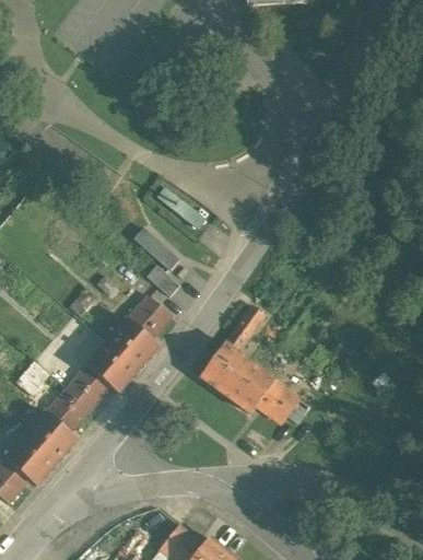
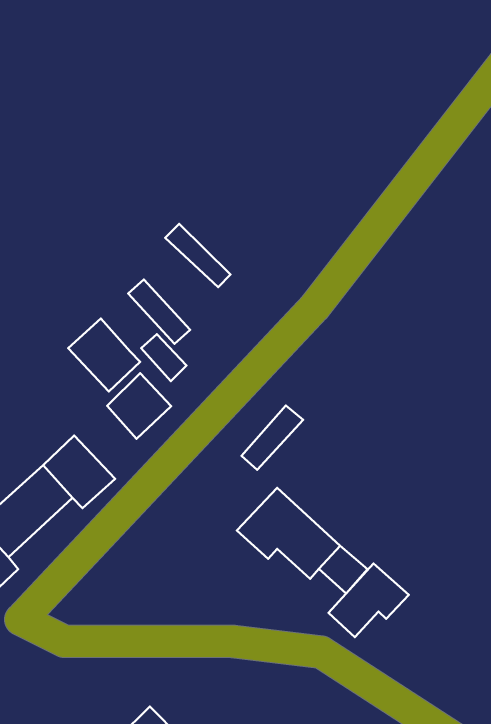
building: [107,319,158,370] -> [68,319,140,391]
building: [200,345,252,397] -> none
building: none -> [329,563,409,637]

